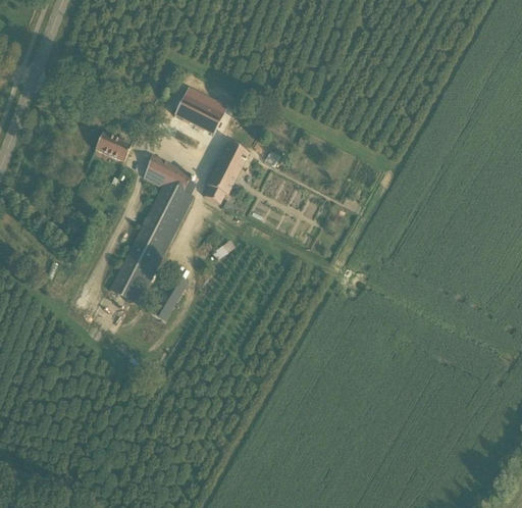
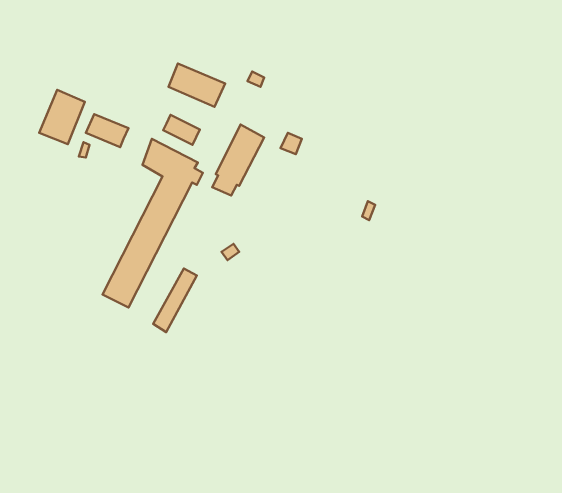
building: none -> [39,90,85,144]
building: none -> [163,115,200,145]

